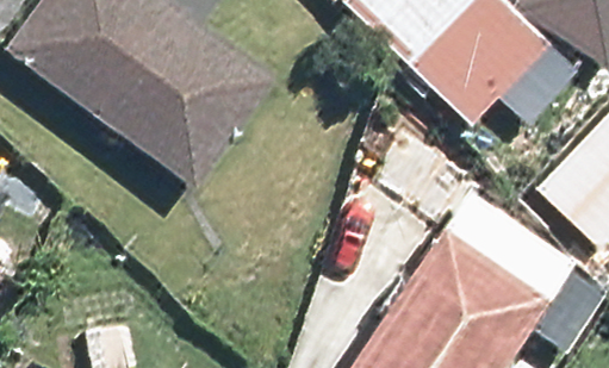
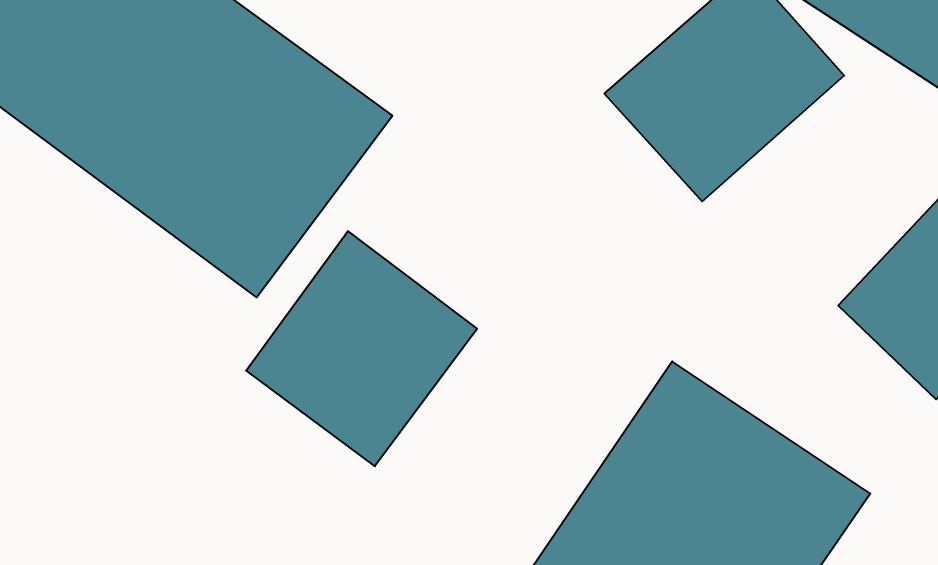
building: none -> [246,231,477,466]

